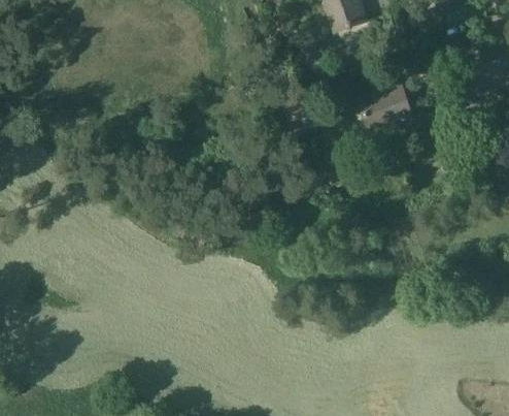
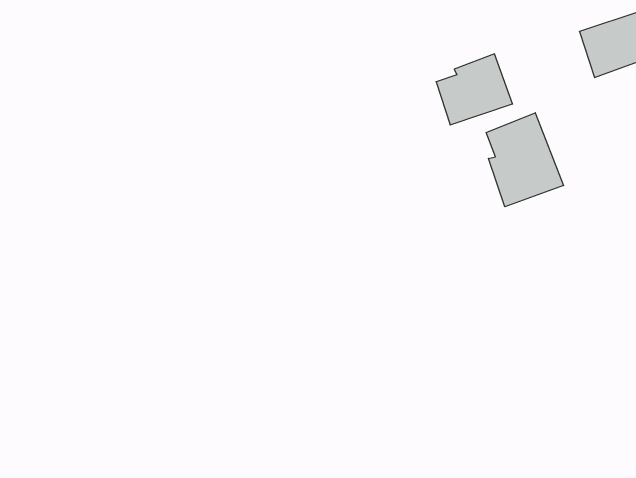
building: none -> [486,113,564,207]

